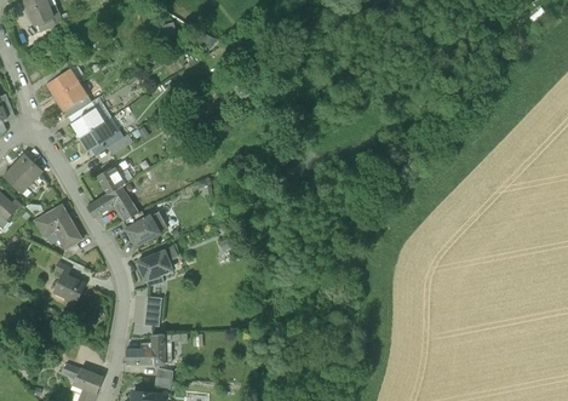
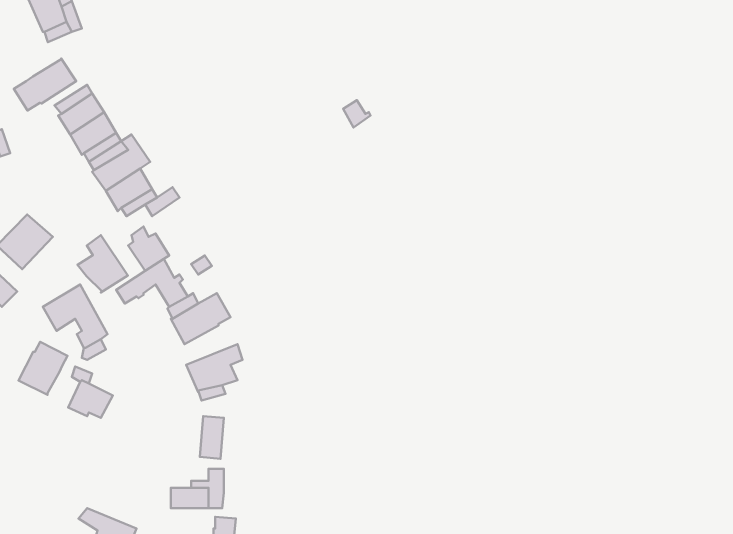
building: none -> [14,58,76,111]
building: none -> [78,235,128,293]
building: none -> [19,342,67,395]

